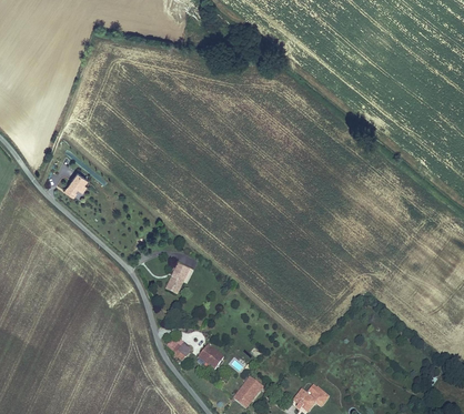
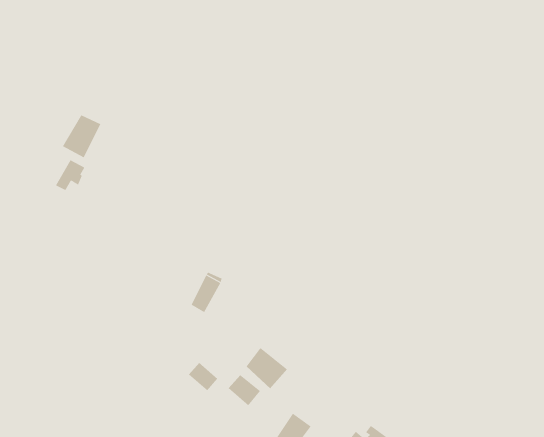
building: none -> [62,115,101,158]
building: none -> [246,347,288,389]

